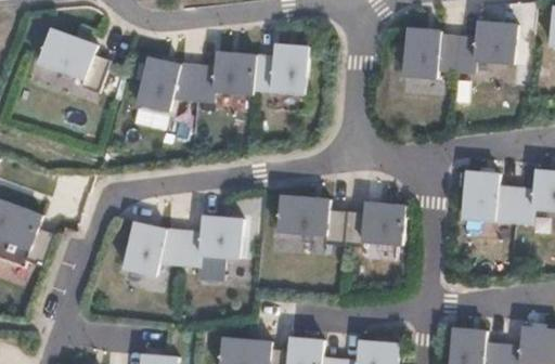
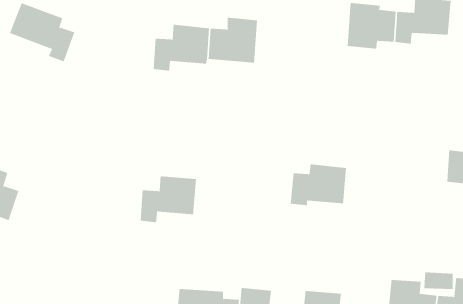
building: [138,56,196,110] -> none
building: [462,171,515,222] -> none
building: [276,197,346,246] -> none
building: [118,218,182,275] -> none

